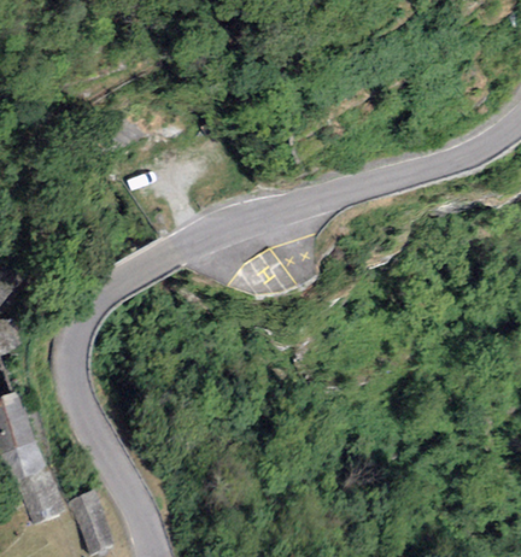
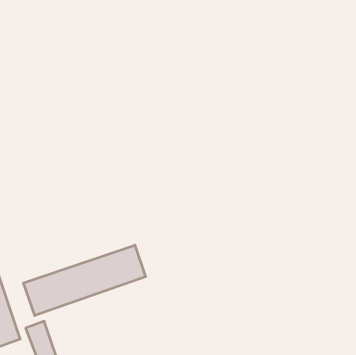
building: none -> [23,245,146,316]

